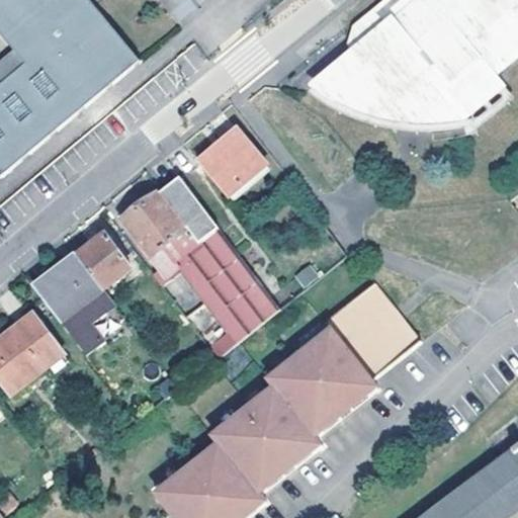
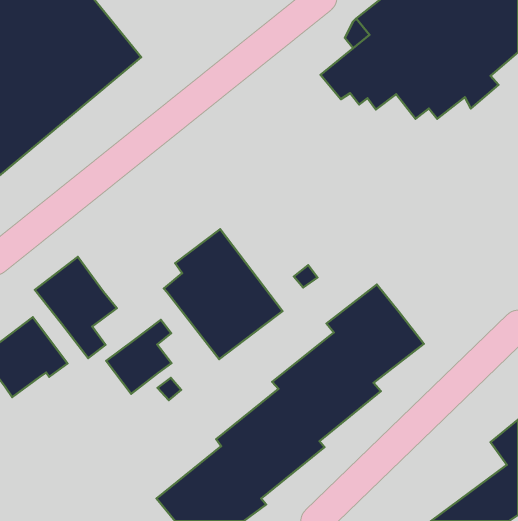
building: [198,127,267,193] -> none
building: [121,175,218,285] -> none
building: [77,233,131,288] -> none
building: none -> [106,320,172,394]

